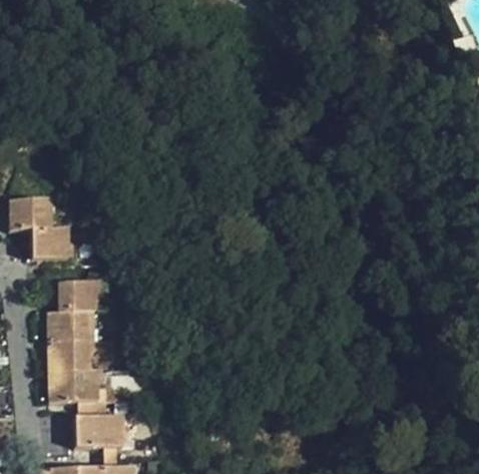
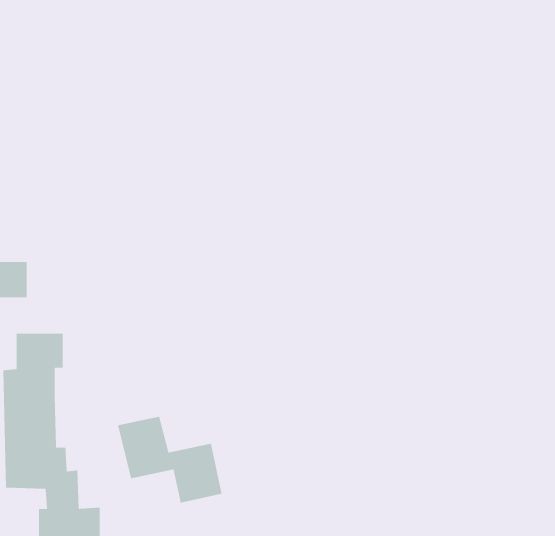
building: none -> [117,416,223,503]

